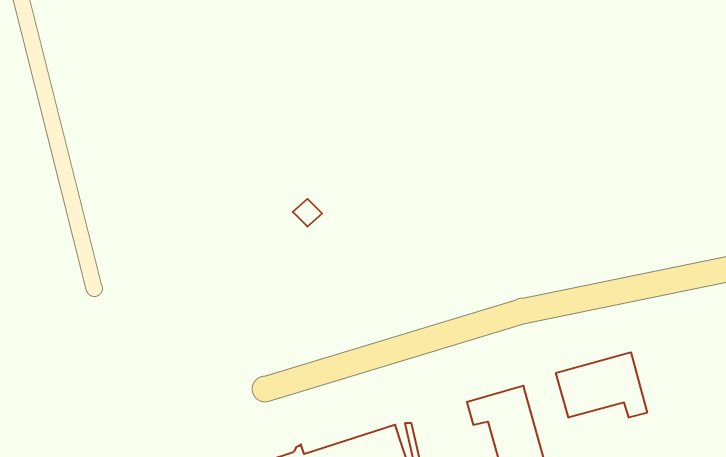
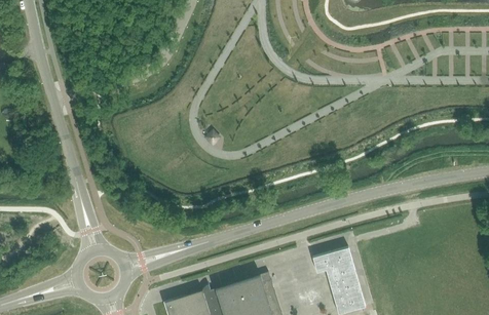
building: [556,352,647,418] -> none

